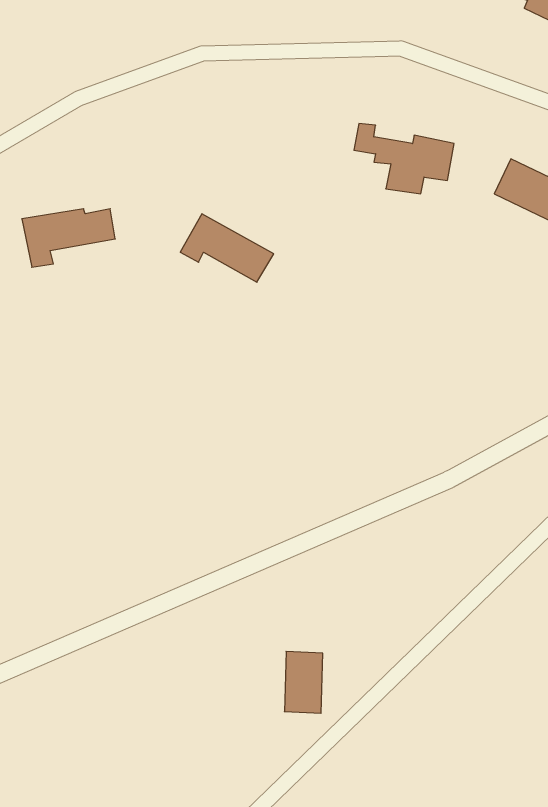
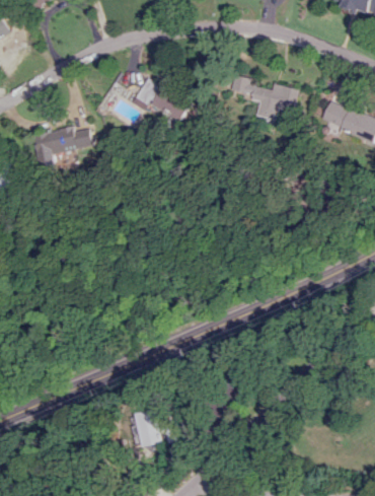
building: [180,214,274,282] -> [131,79,188,121]
building: [284,651,323,713] -> [136,411,159,448]

